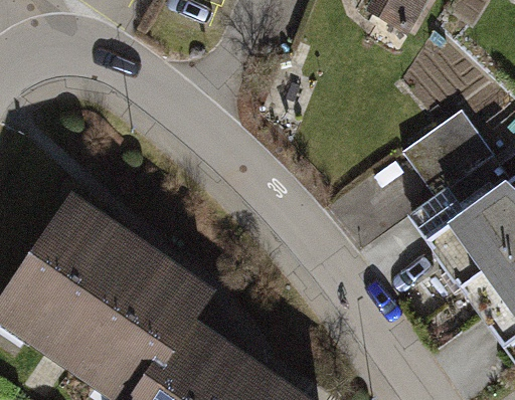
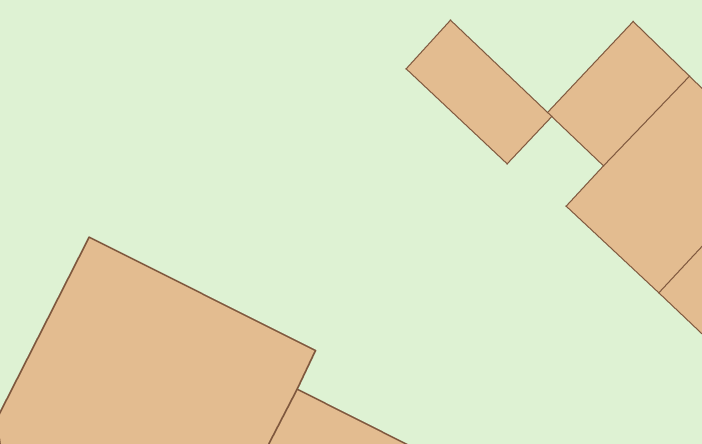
building: none -> [406,20,552,164]

